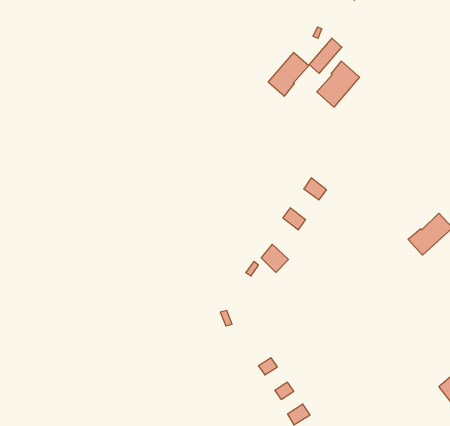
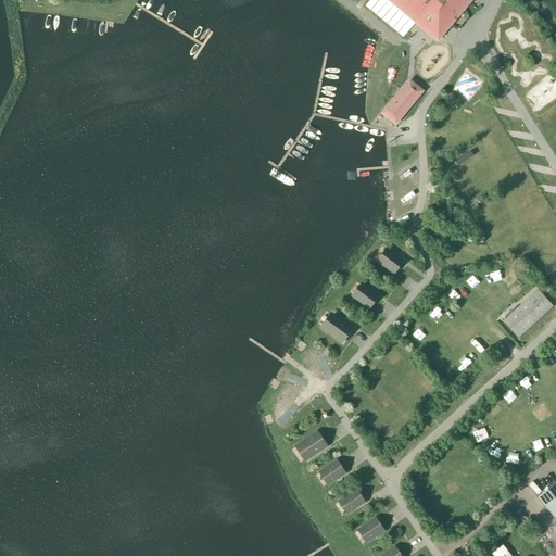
building: [268,52,309,96] -> none
building: [317,61,360,107] -> none
building: none -> [294,431,326,460]

